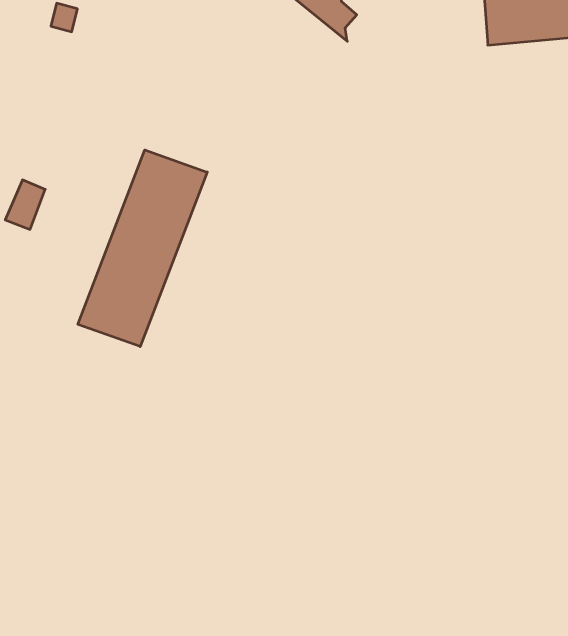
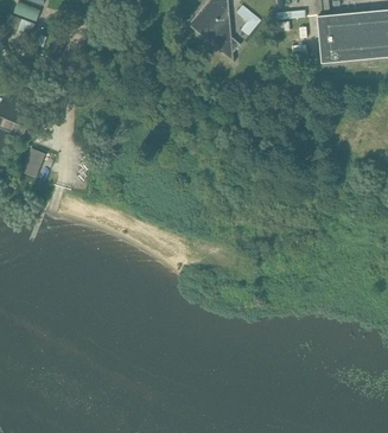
building: [78,150,207,347] -> none

